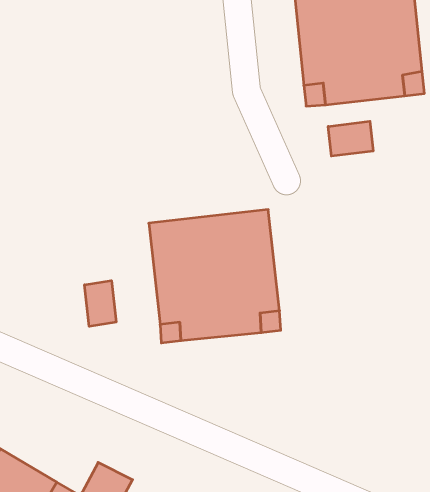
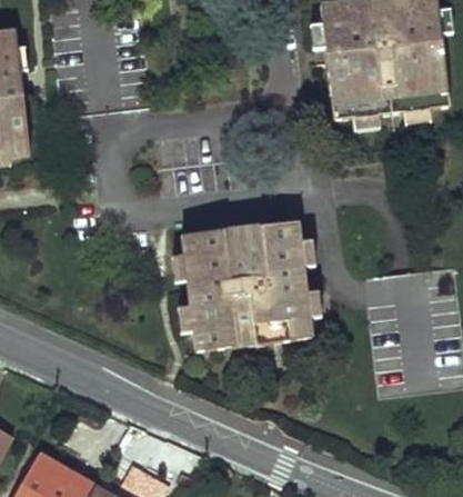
building: [328,121,373,156] -> none
building: [85,281,116,326] -> none

